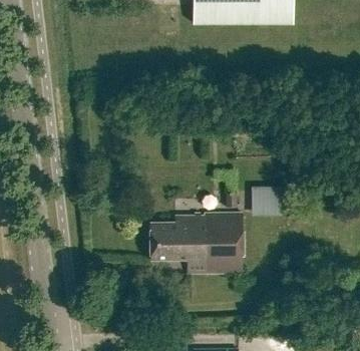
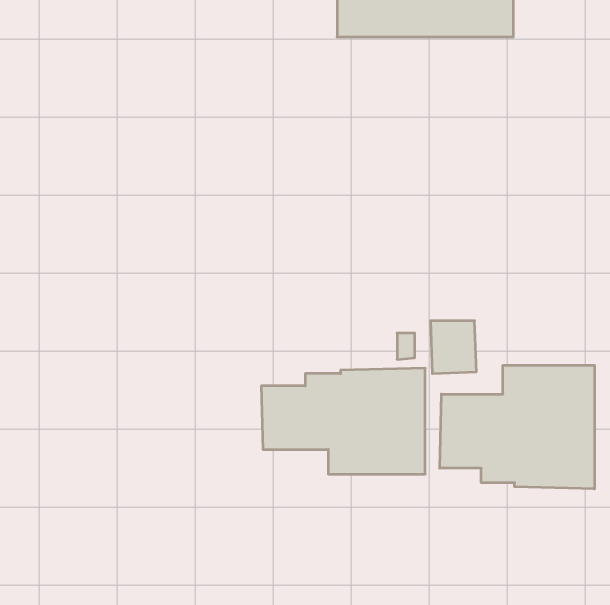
building: none -> [440,365,594,489]

